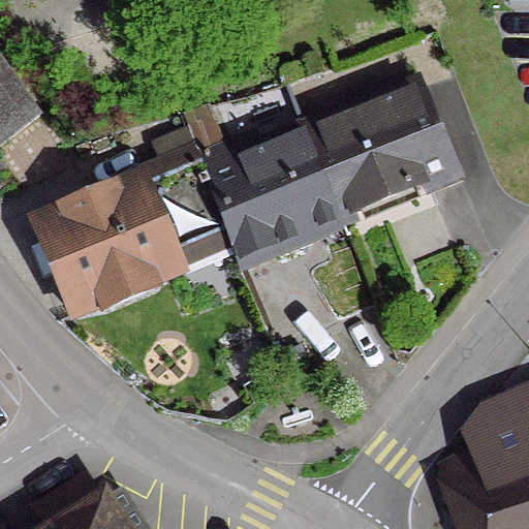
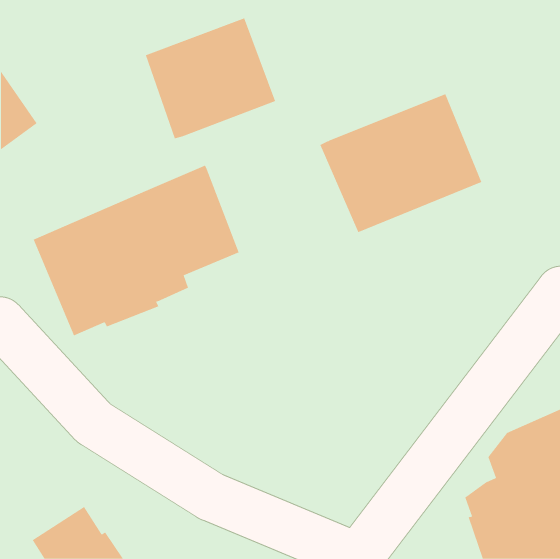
building: none -> [145,18,276,139]
building: [196,135,338,261] -> none

